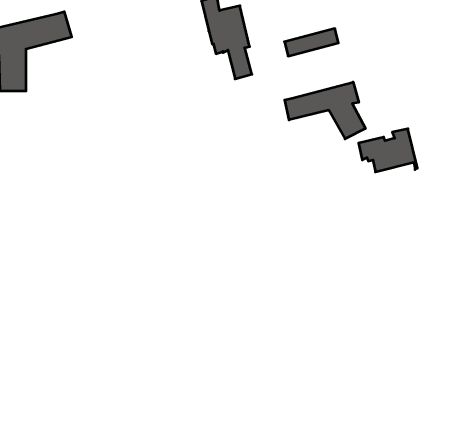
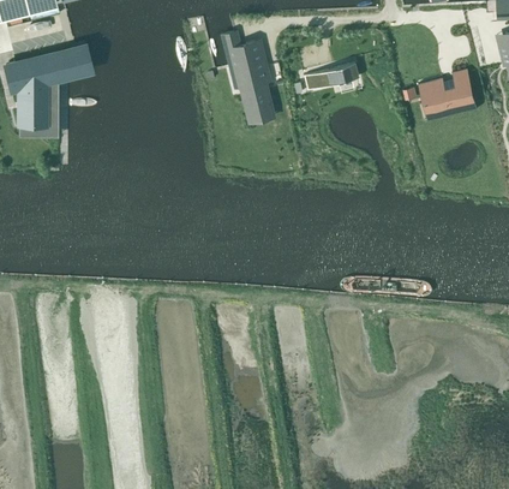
building: [285,82,365,139] -> none
building: [359,129,417,172] -> [418,68,477,112]

